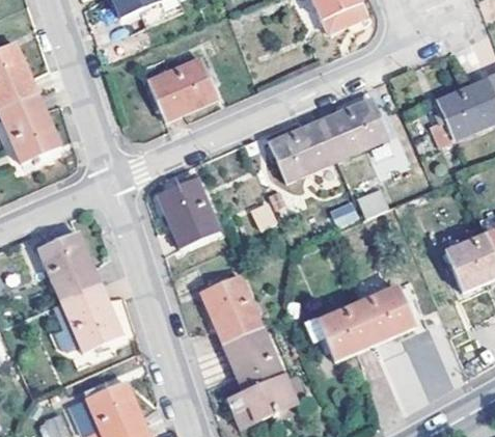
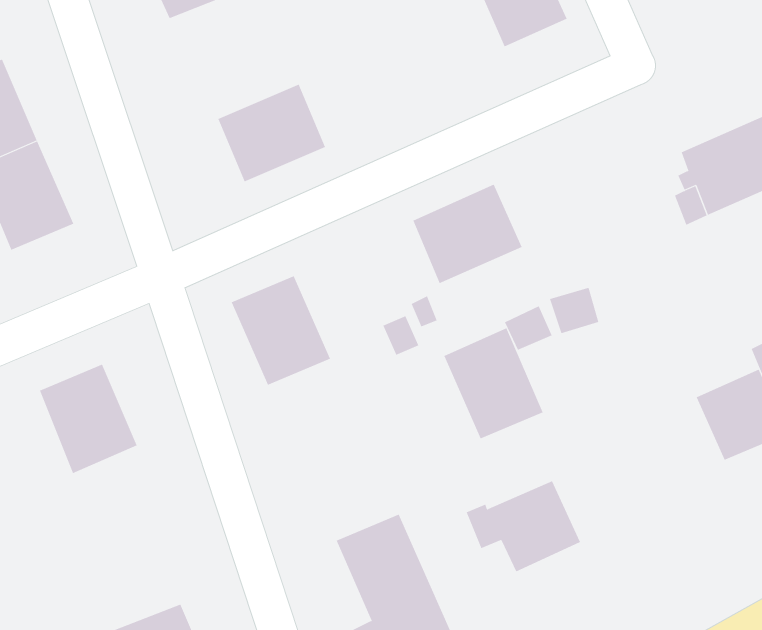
building: [322,98,389,160] -> none
building: [200,273,263,343] -> [443,327,543,439]
building: [59,283,121,352] -> none
building: [358,288,415,344] -> none

